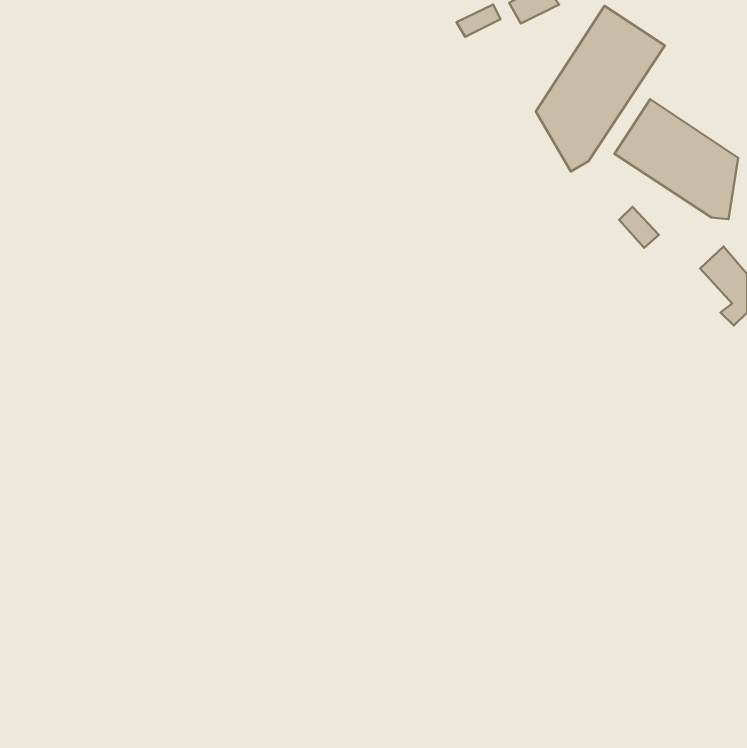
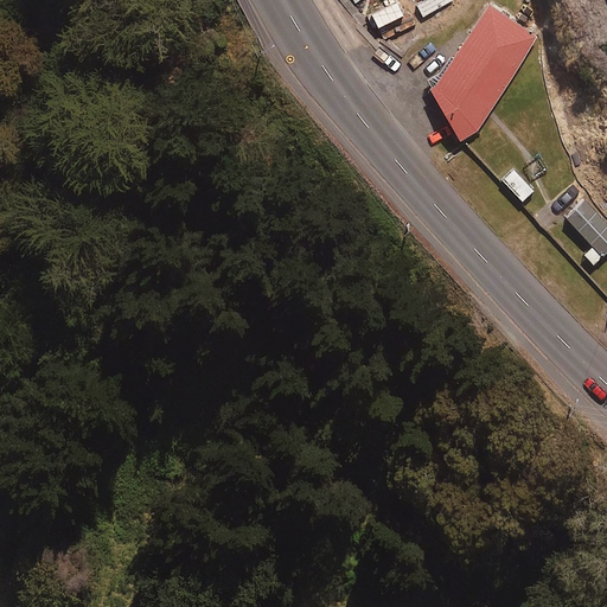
building: [614,99,738,219] -> none

